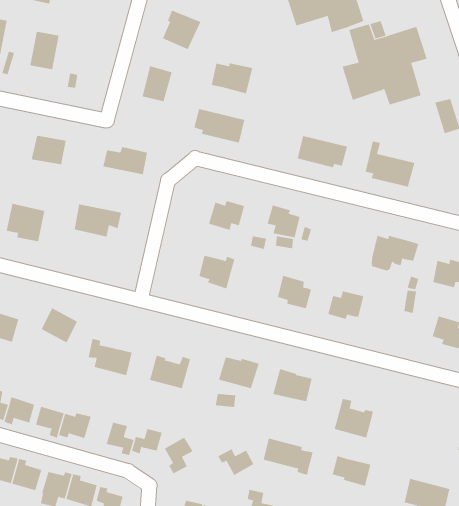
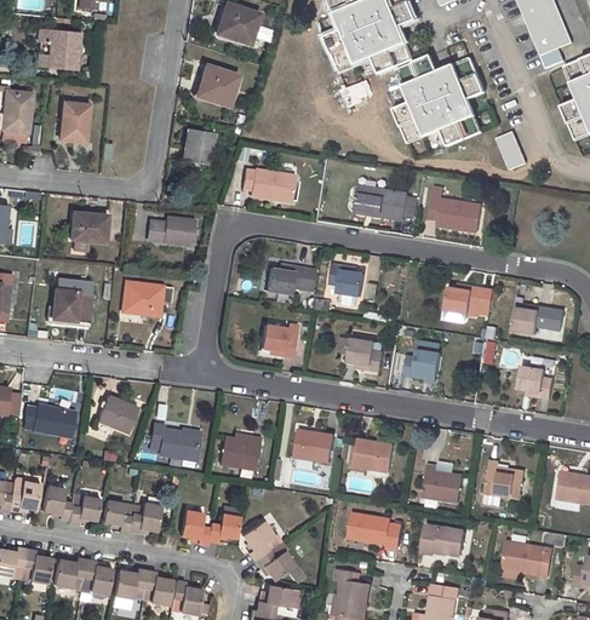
building: [211,63,253,94] -> none
building: none -> [485,459,525,498]
building: [217,448,254,476] -> [254,551,294,580]

